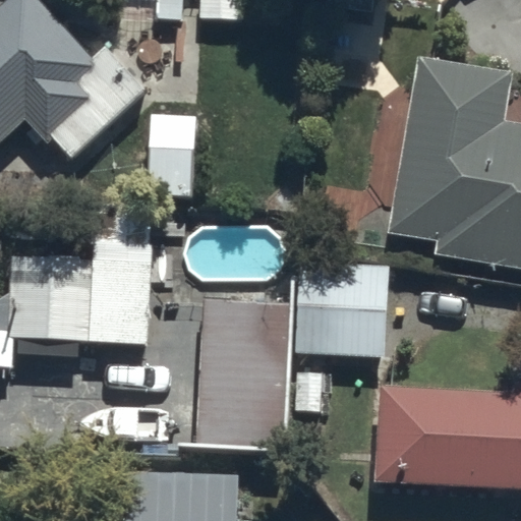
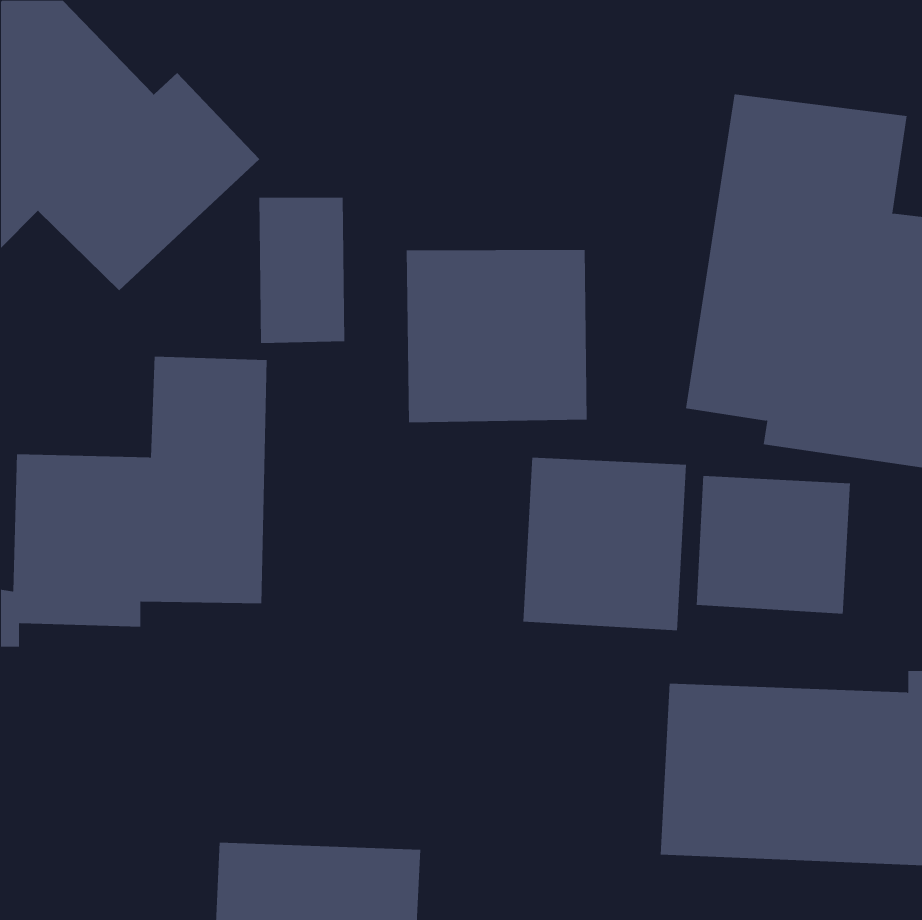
building: none -> [406,249,587,423]
building: none -> [696,475,850,614]
building: [196,299,285,444] -> none

